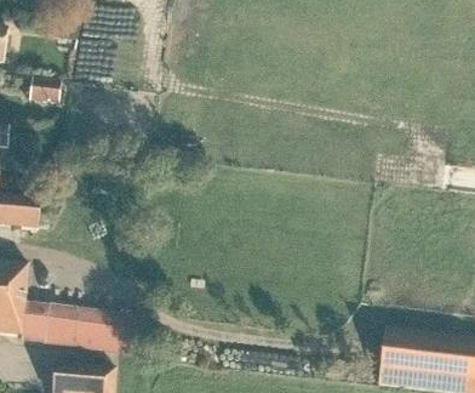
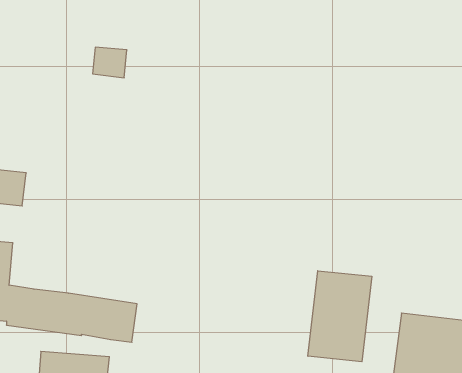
building: [29,76,61,104] -> [93,47,127,78]
building: none -> [308,271,372,362]

